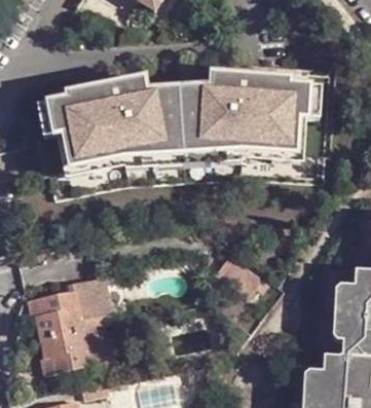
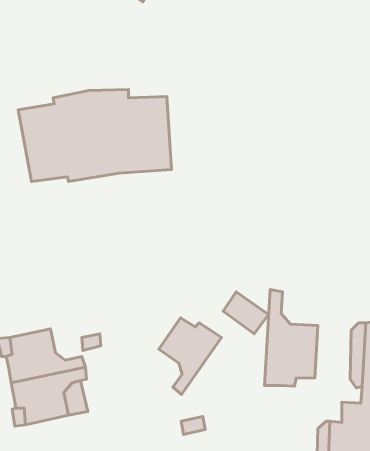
building: [177,77,306,151] -> none
building: none -> [265,290,318,386]
building: none -> [159,318,222,395]

